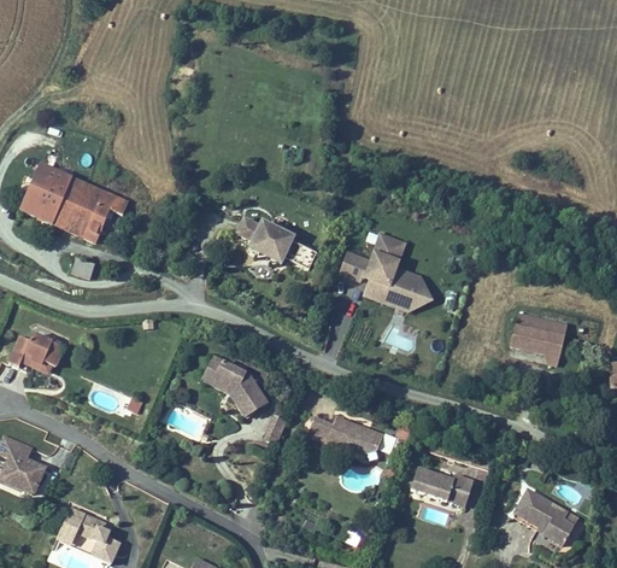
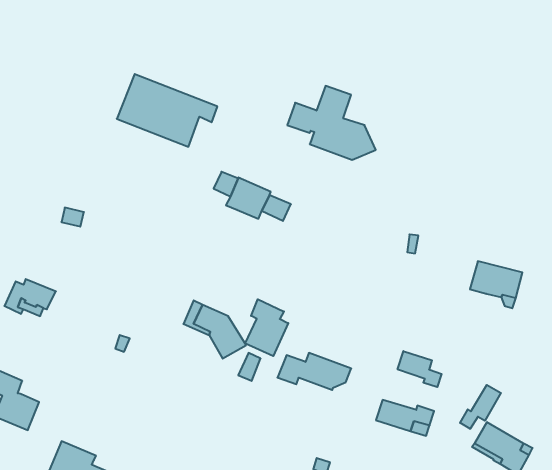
building: [20,164,129,242] -> [117,74,217,147]
building: [339,233,434,312] -> [287,86,376,160]
building: none -> [245,299,288,356]
building: none -> [398,351,442,387]
building: none -> [460,385,501,429]

